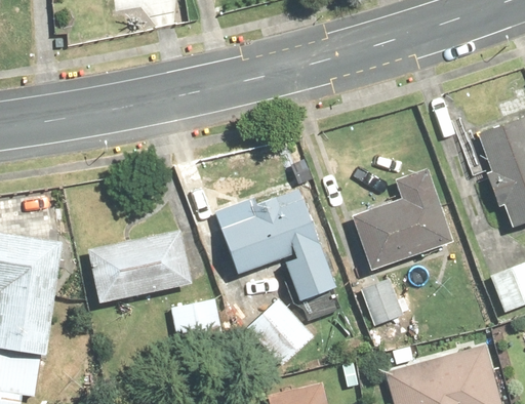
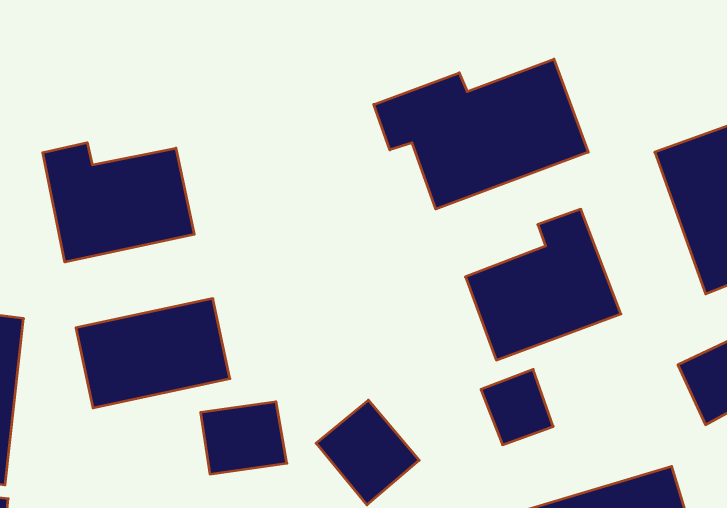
building: none -> [374,59,588,209]
building: none -> [43,143,194,262]
building: [215,195,337,300] -> none

